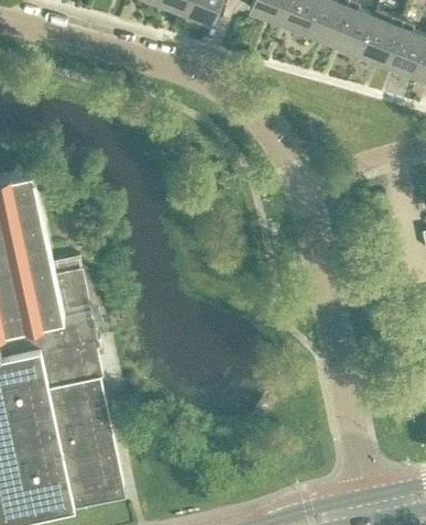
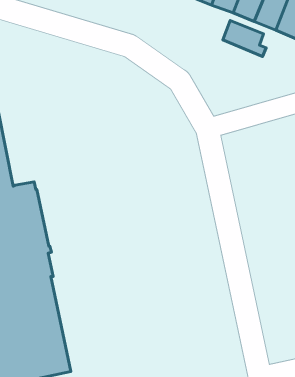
building: none -> [223,20,266,56]

